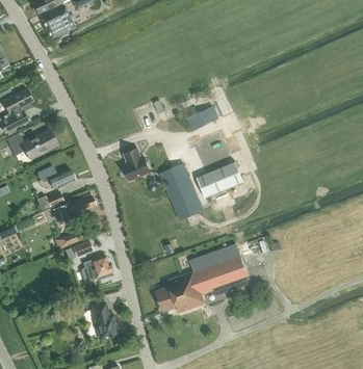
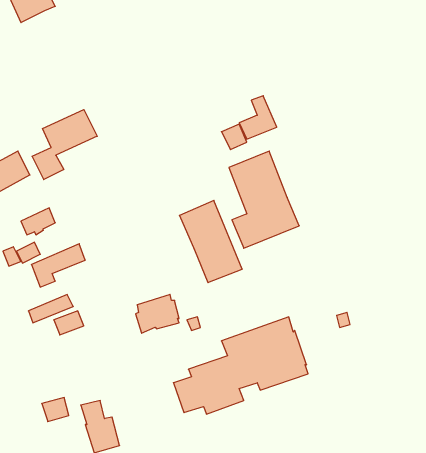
building: none -> [32,110,97,180]
building: [124,149,151,181] -> none
building: [82,255,112,282] -> [136,294,179,333]

